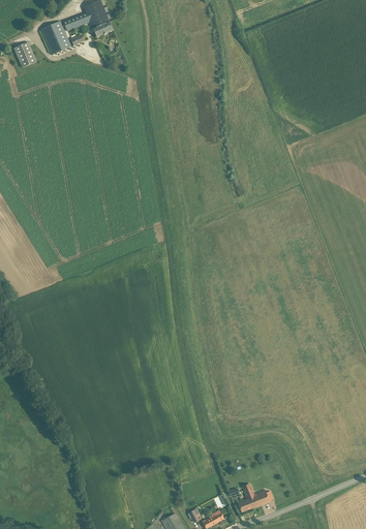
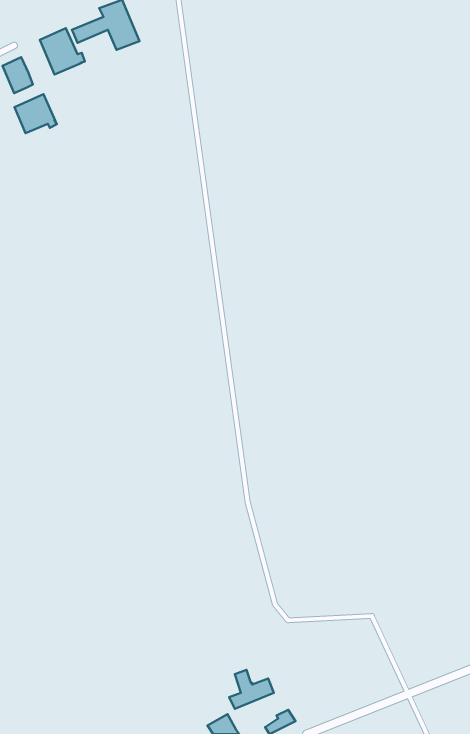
building: none -> [14,94,57,133]
building: [237,484,269,511] -> [229,670,274,709]

